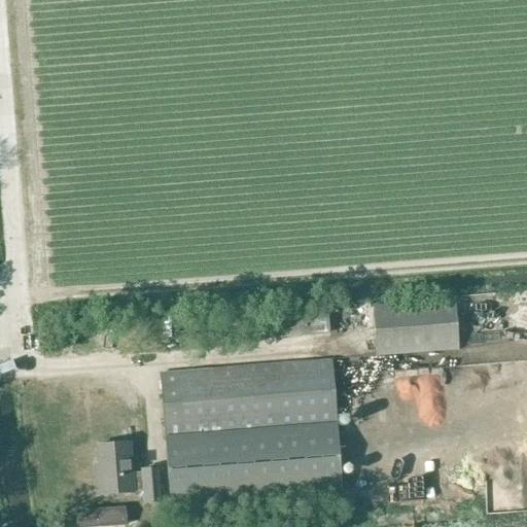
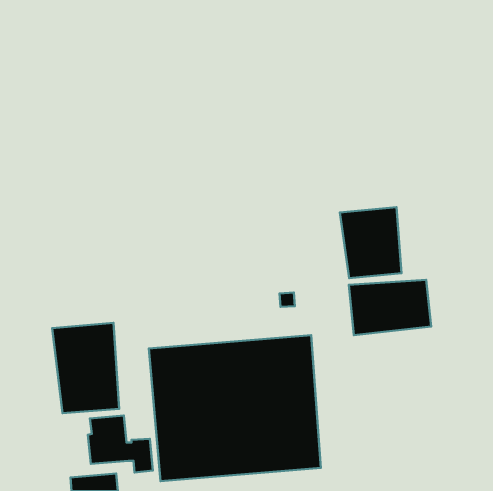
building: none -> [340,207,401,278]
building: none -> [52,323,119,413]

